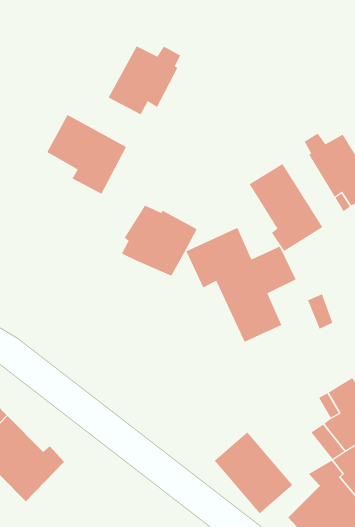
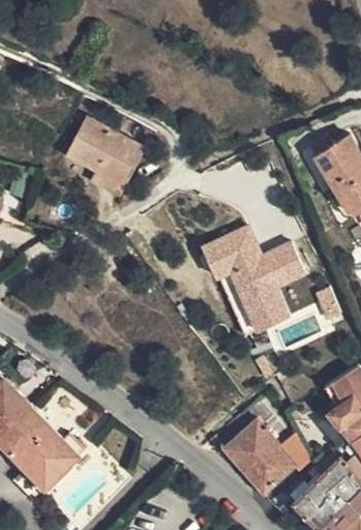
building: [108,45,181,115] -> none
building: [249,163,323,252] -> none
building: [121,205,197,277] -> none

